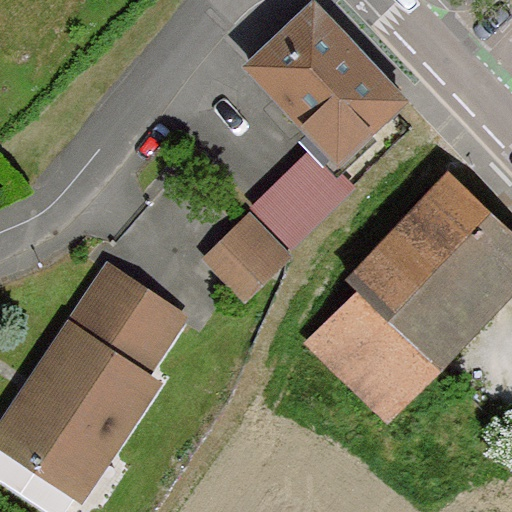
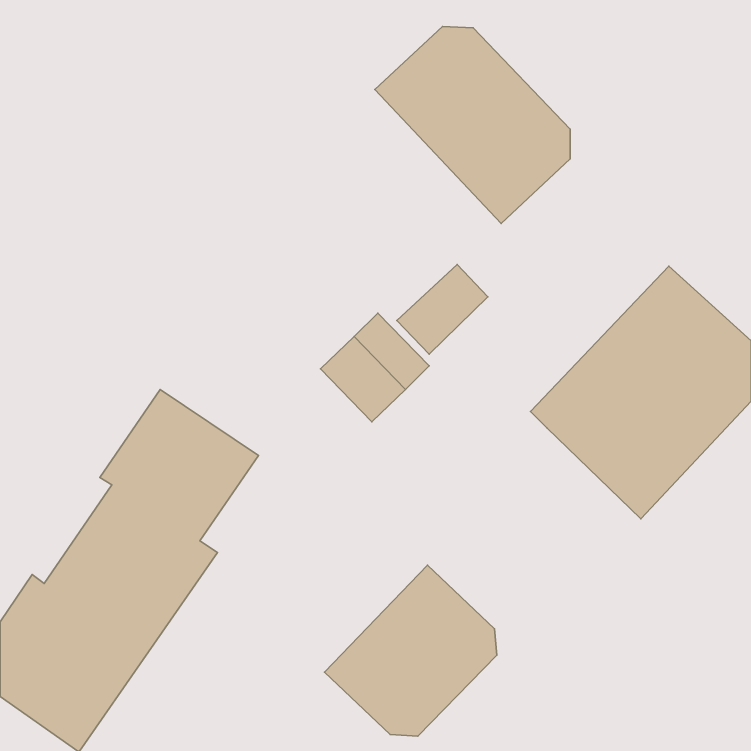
building: [314,291,447,414] -> none
building: none -> [325,565,497,736]

